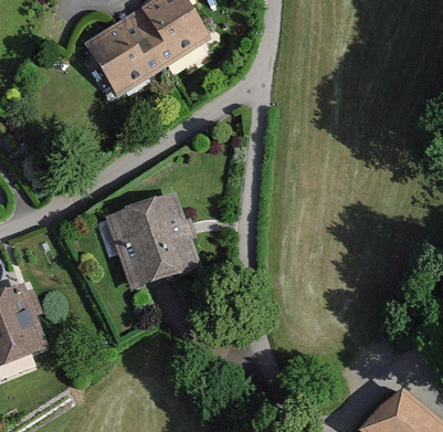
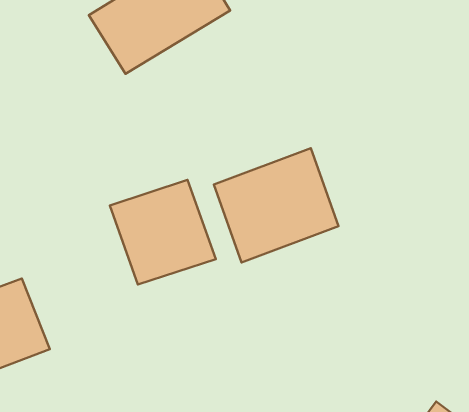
building: none -> [214,148,339,262]

